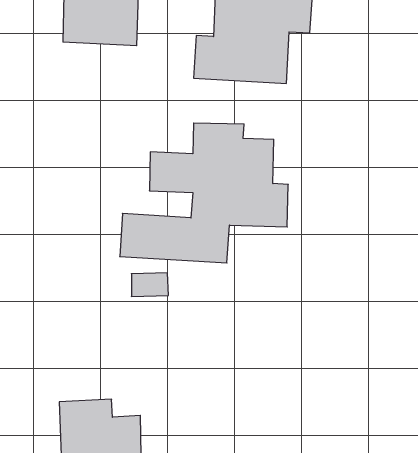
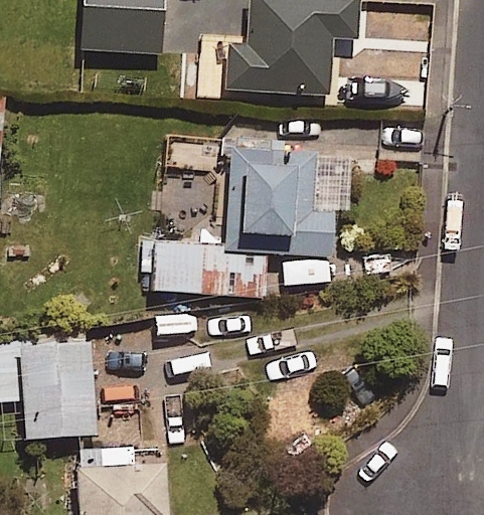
building: none -> [16,342,98,440]

